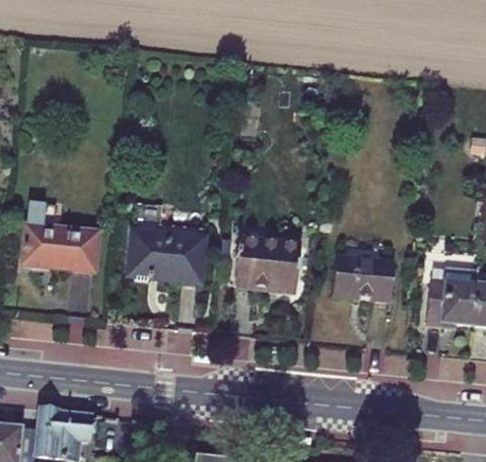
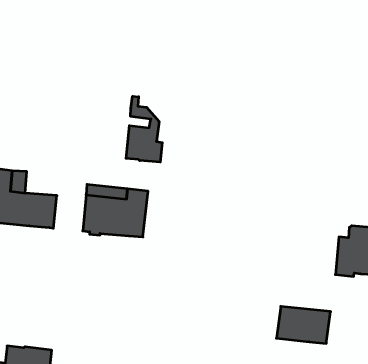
building: none -> [126,96,162,162]
building: [234,240,300,291] -> none
building: [331,257,395,301] -> [276,306,331,343]

